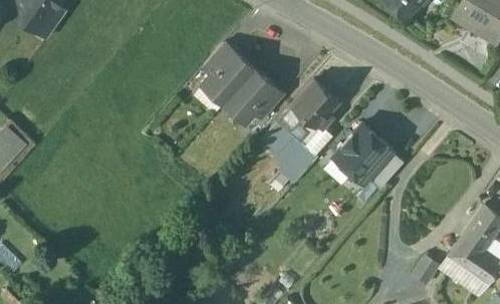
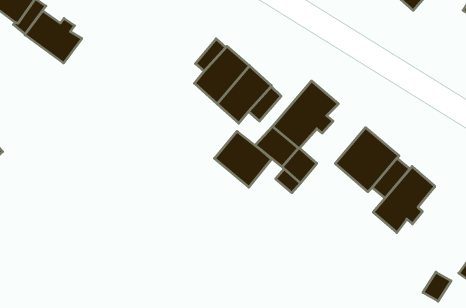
building: none -> [25,11,82,63]
building: none -> [214,131,271,187]
building: none -> [373,166,435,233]

